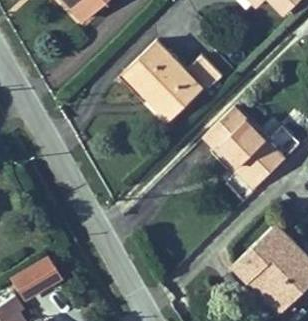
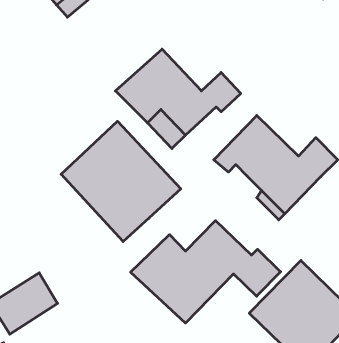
building: none -> [61,121,181,242]
building: none -> [131,221,281,323]

